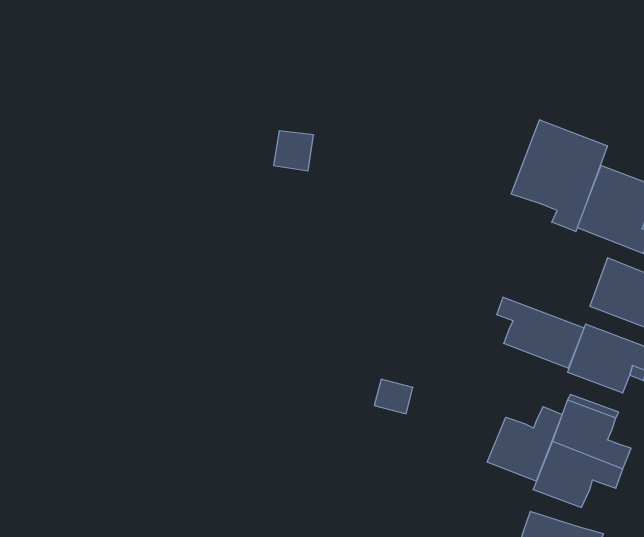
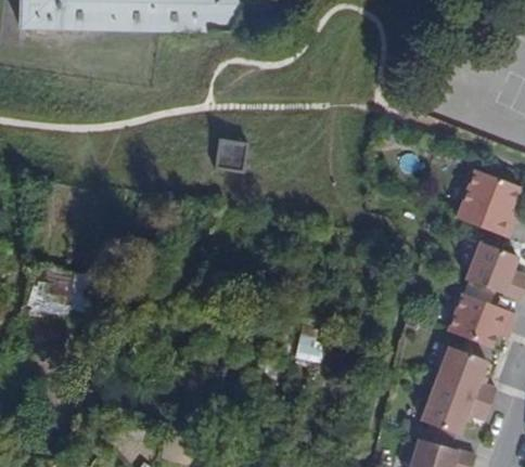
building: [511,120,607,232] -> none
building: [497,297,584,368] -> none
building: [487,407,562,481] -> none

